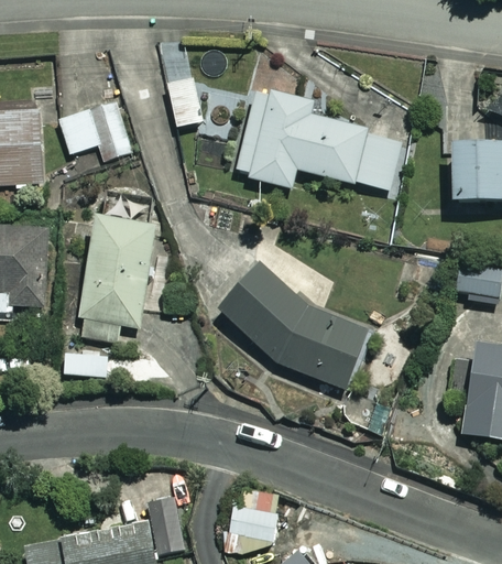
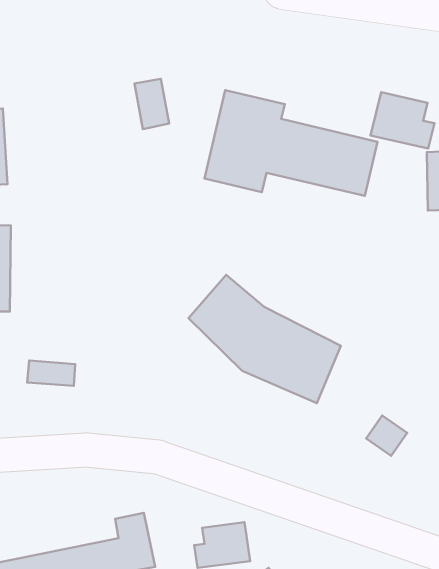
building: none -> [371,92,434,149]
building: [59,99,132,158] -> none
building: [81,213,156,338] -> none

